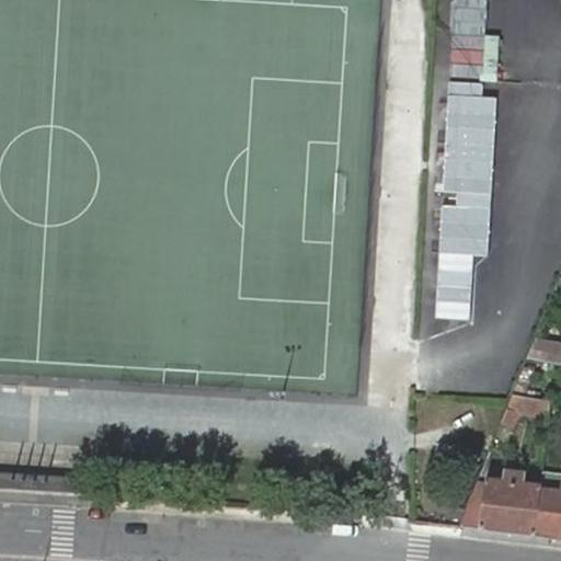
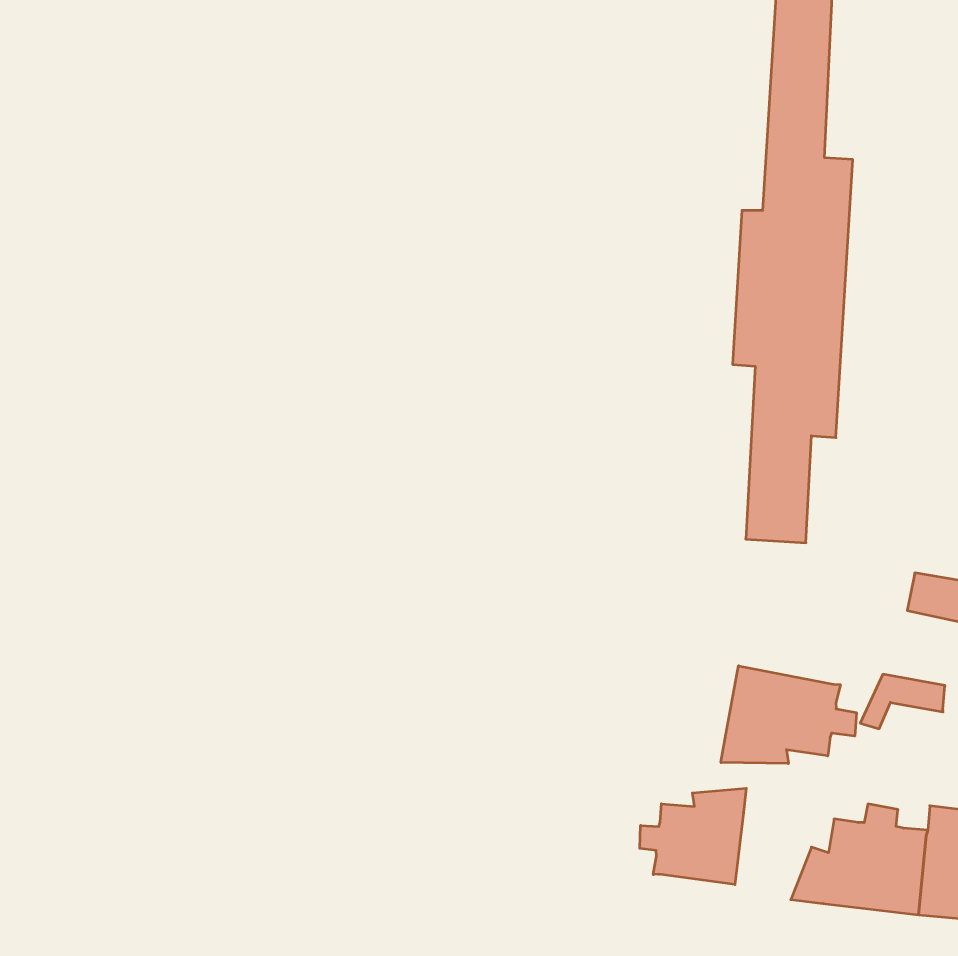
building: none -> [721,666,856,764]
building: none -> [640,788,746,885]

